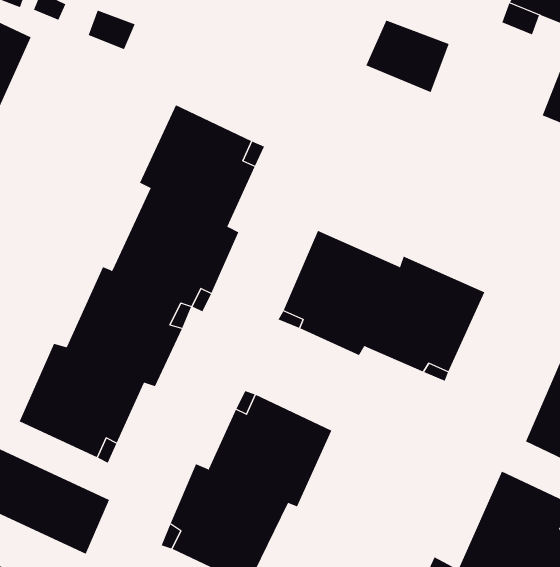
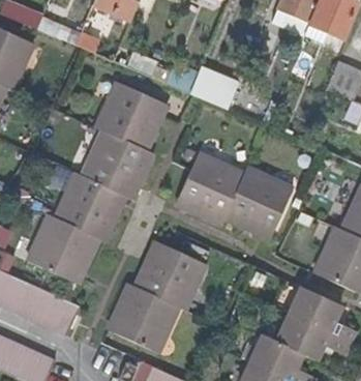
building: [366,20,449,93] -> [189,65,237,107]

